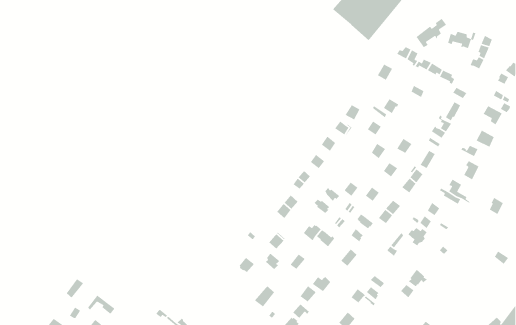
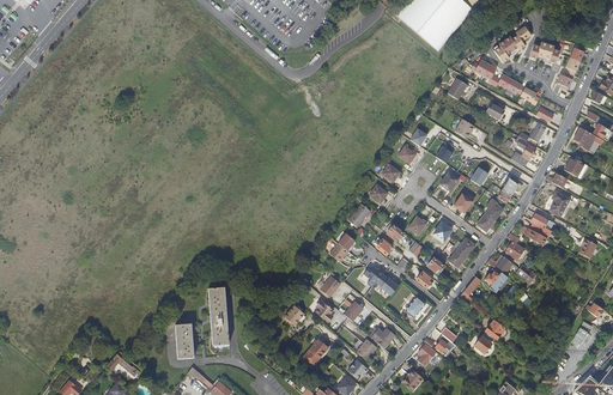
building: none -> [207,287,229,345]
building: none -> [175,323,196,357]

